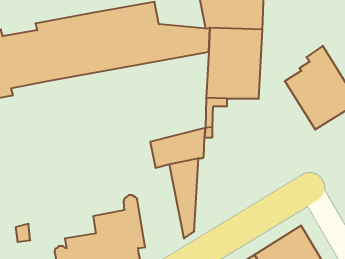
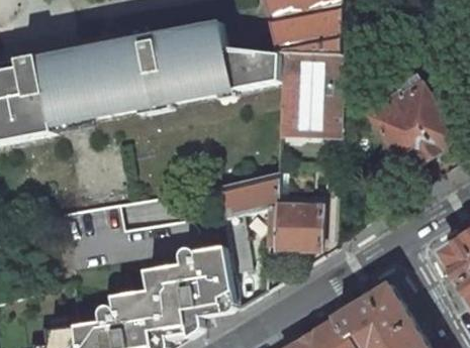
building: none -> [271,203,318,248]
building: none -> [195,245,234,316]

